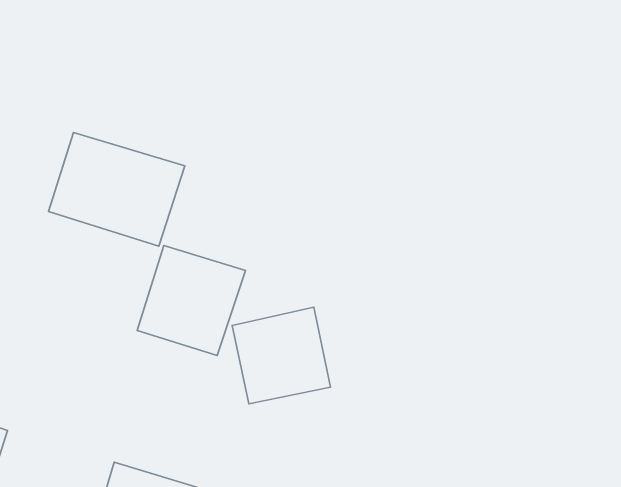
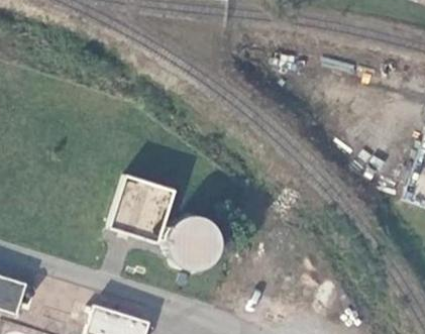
building: [49,133,185,246] -> none

